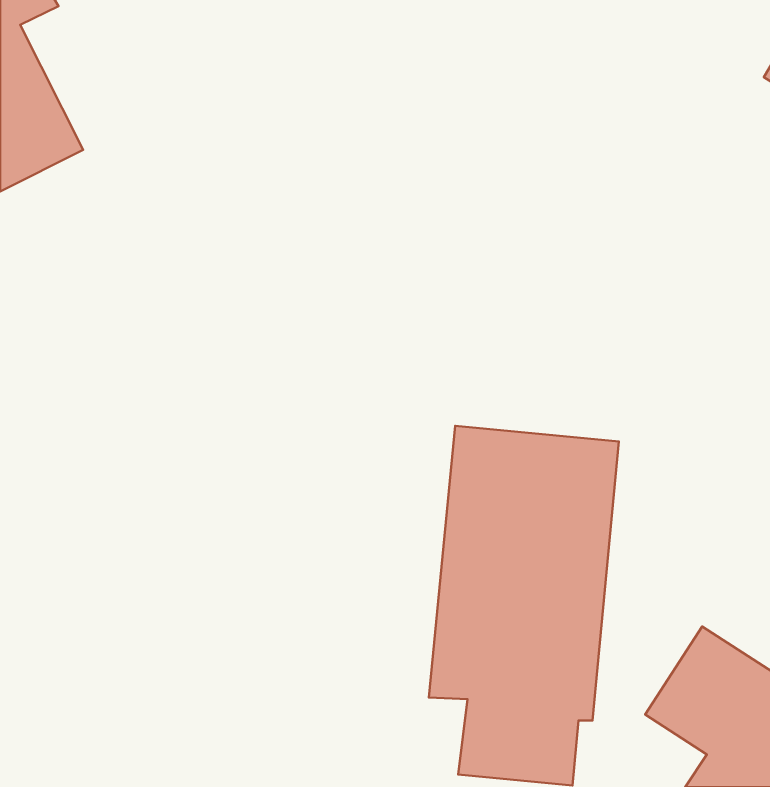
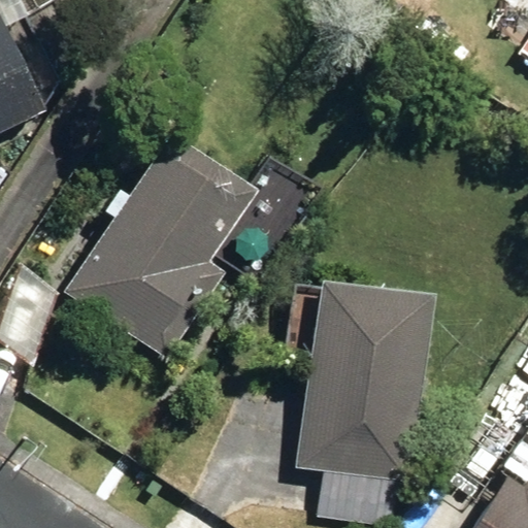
building: none -> [67,138,249,357]

